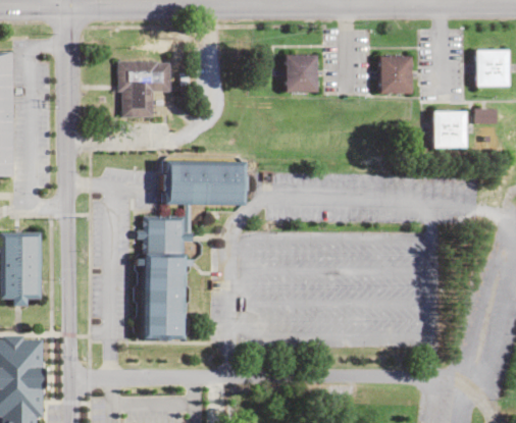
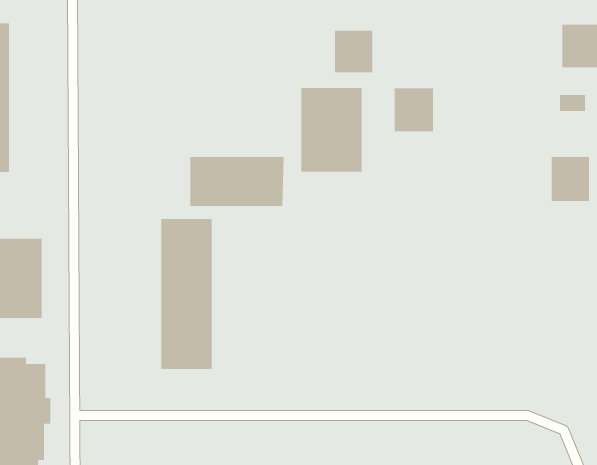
building: [379,57,413,94] -> [394,88,434,132]
building: [117,60,170,117] -> none
building: none -> [301,87,362,173]
building: [434,112,467,150] -> [551,157,590,202]

